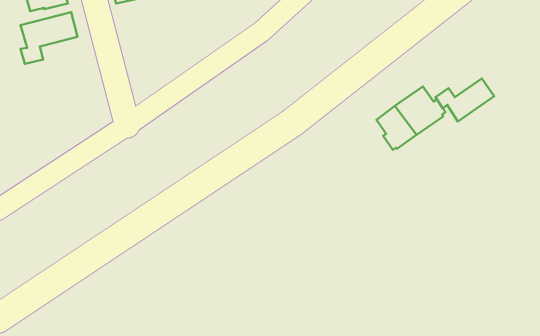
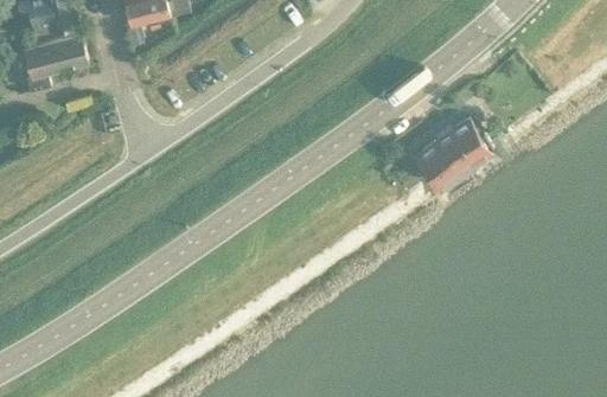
building: [436,79,494,121] -> none

